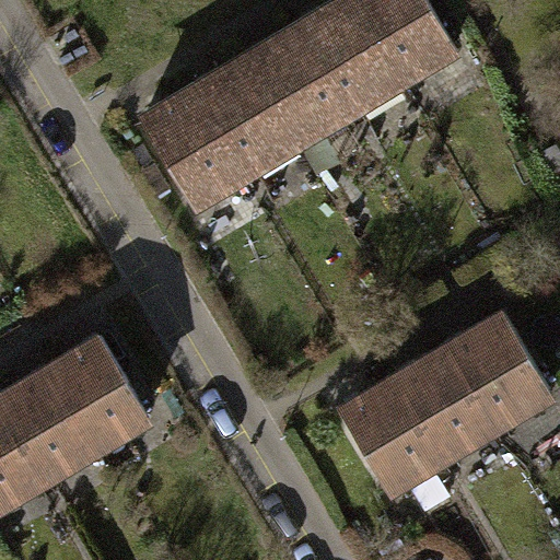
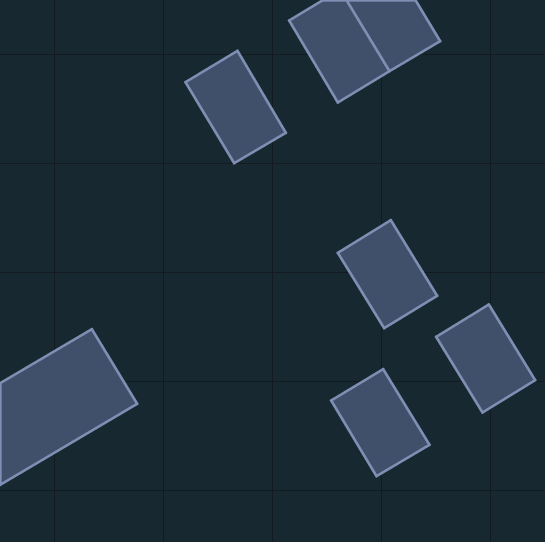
building: [247,31,349,144] -> none
building: [142,93,244,207] -> none
building: [395,351,495,460] -> [338,220,437,328]

